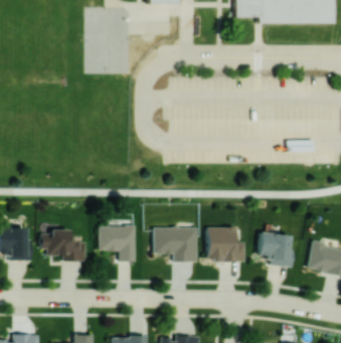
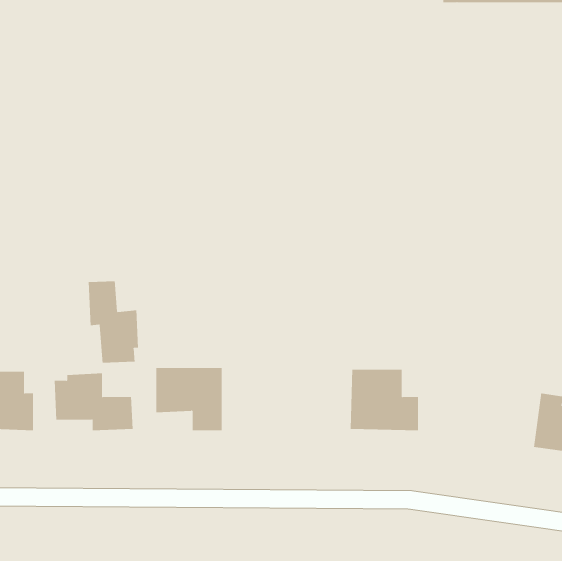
building: none -> [88,281,139,364]
building: [153,227,197,263] -> none
building: [259,233,293,267] -> none

